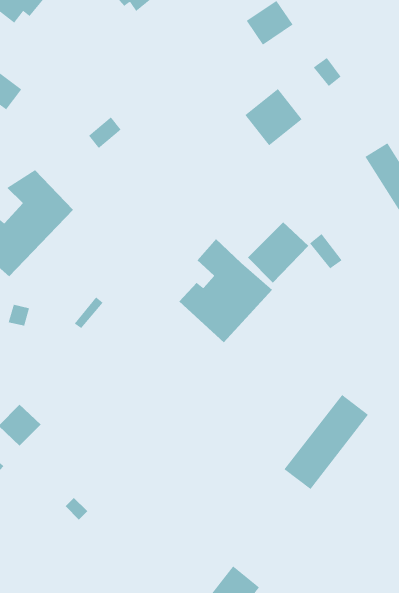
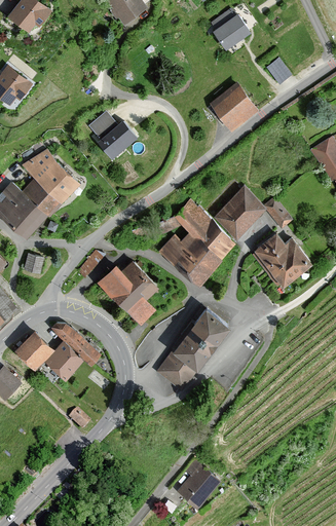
building: none -> [98,121,138,158]
building: none -> [254,235,308,287]
building: none -> [99,260,160,324]
building: none -> [46,324,98,377]
building: [284,394,369,490] -> [158,311,226,387]

